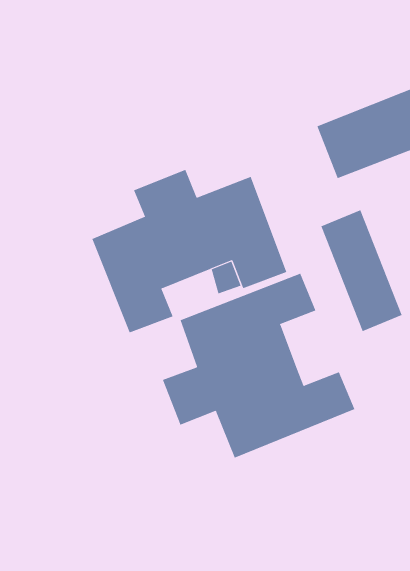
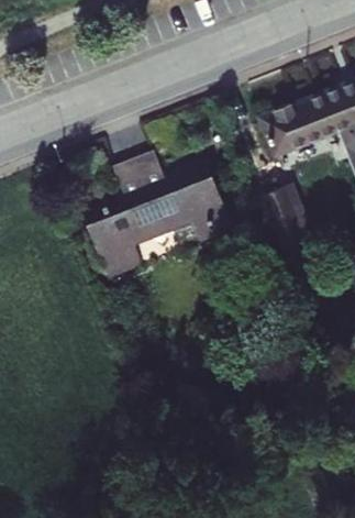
building: [162,273,355,458] -> none

